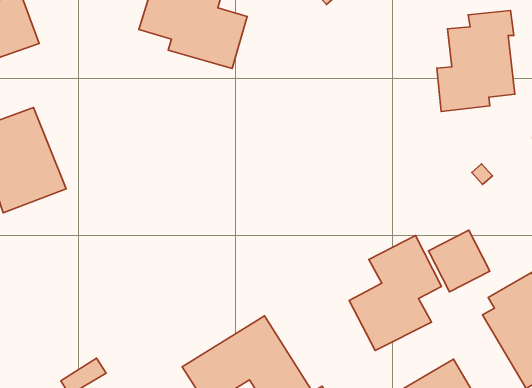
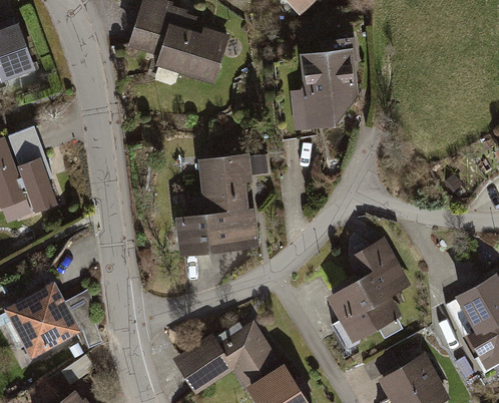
building: [437,11,515,111] -> [288,39,360,132]
building: none -> [173,154,260,260]
building: [429,230,490,292] -> none
building: none -> [12,282,96,351]

